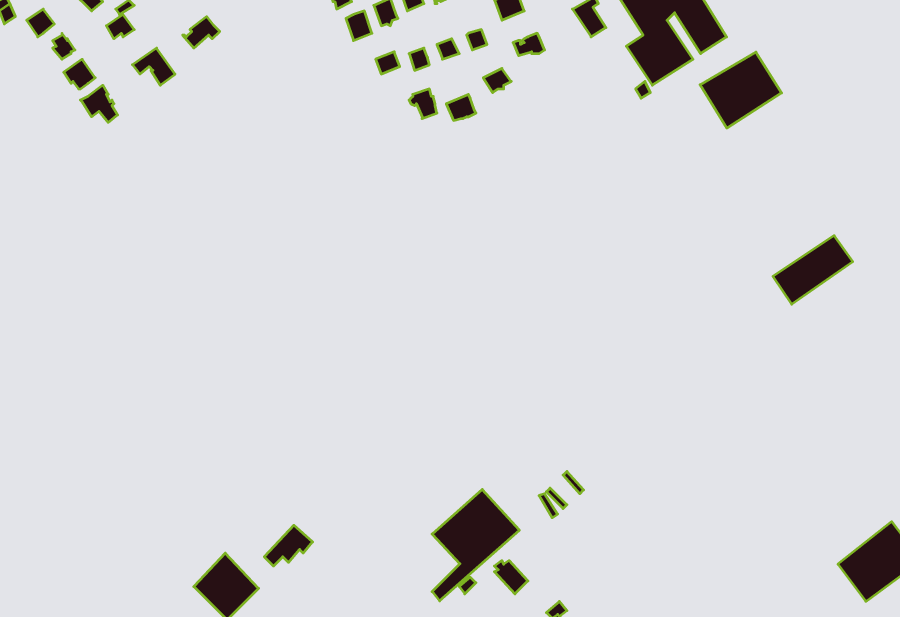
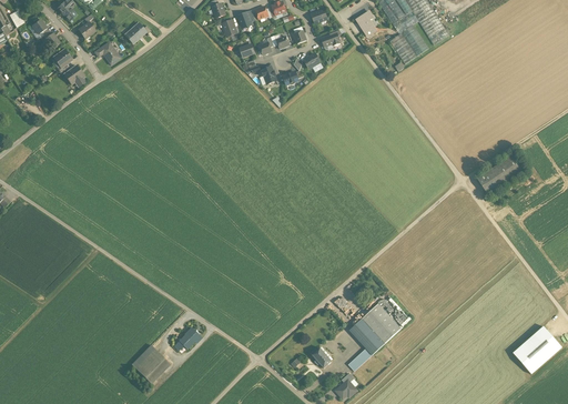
building: [700,52,782,128] -> none
building: [432,489,519,601] -> [347,303,399,370]

